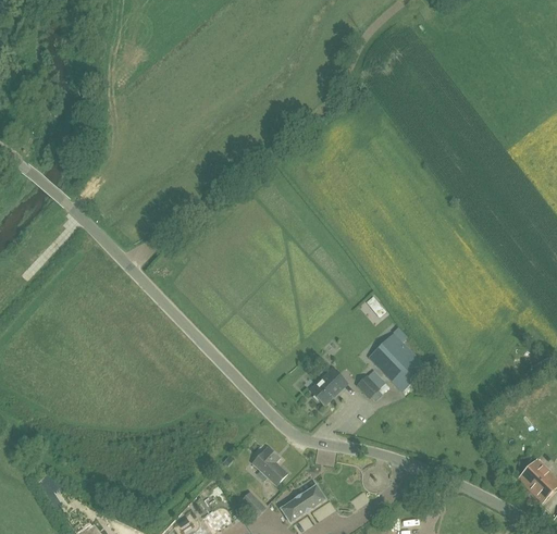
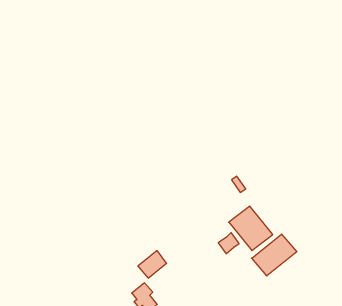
building: none -> [252,234,297,276]
building: [309,367,346,403] -> [138,251,167,278]

